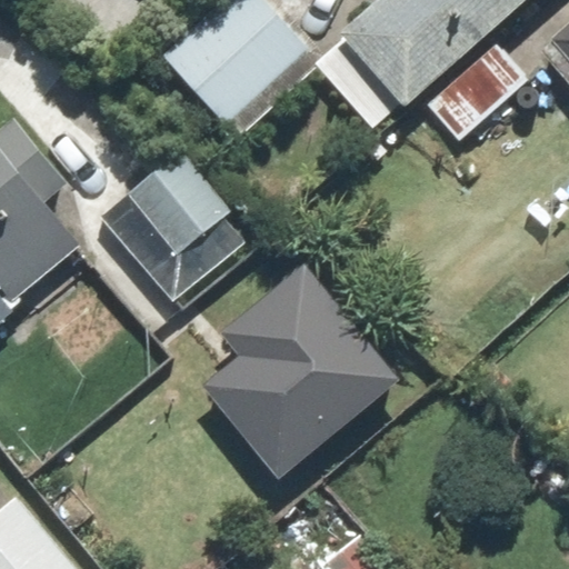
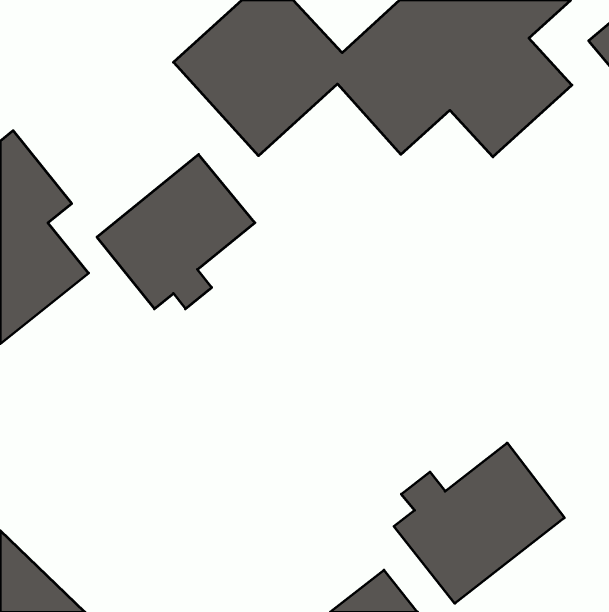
building: [191,261,390,470] -> none
building: none -> [394,443,564,603]

